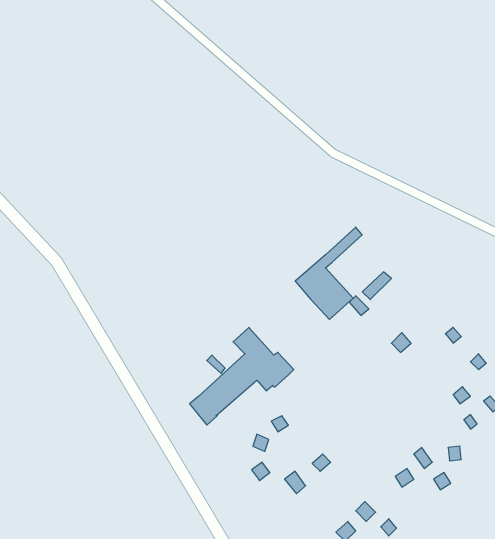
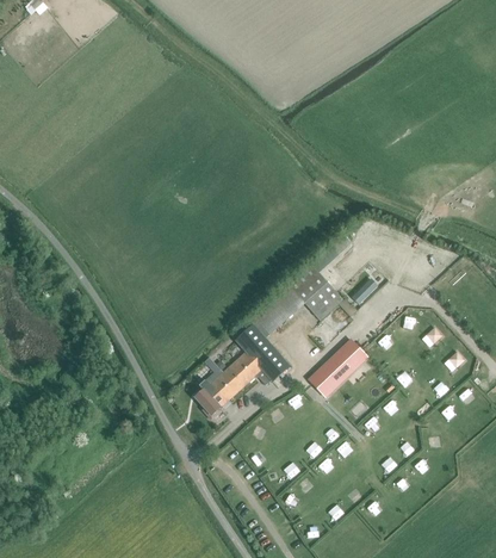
building: none -> [308,341,362,395]

